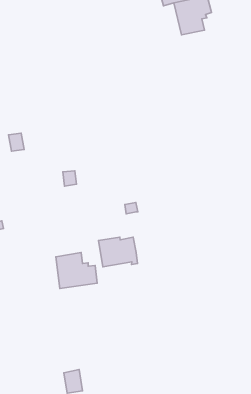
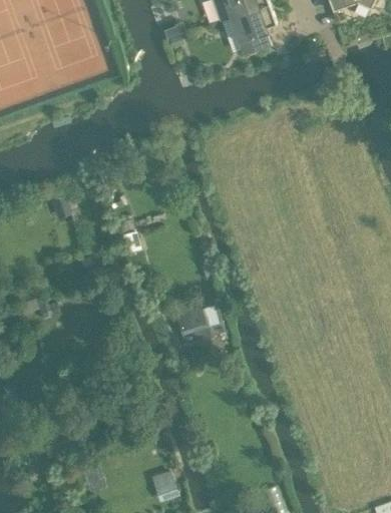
building: [56,252,97,289] -> none

